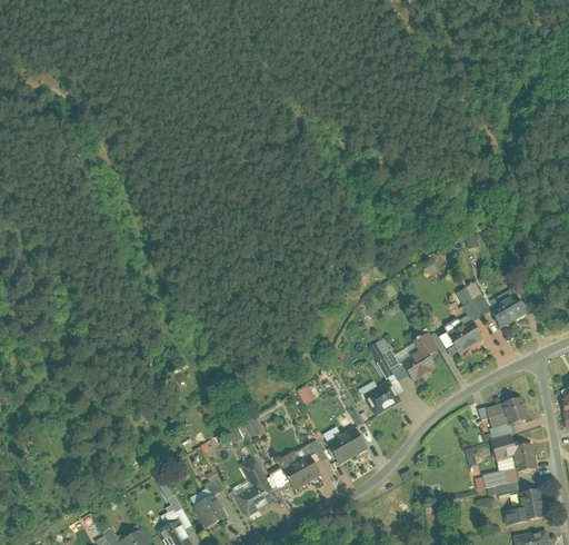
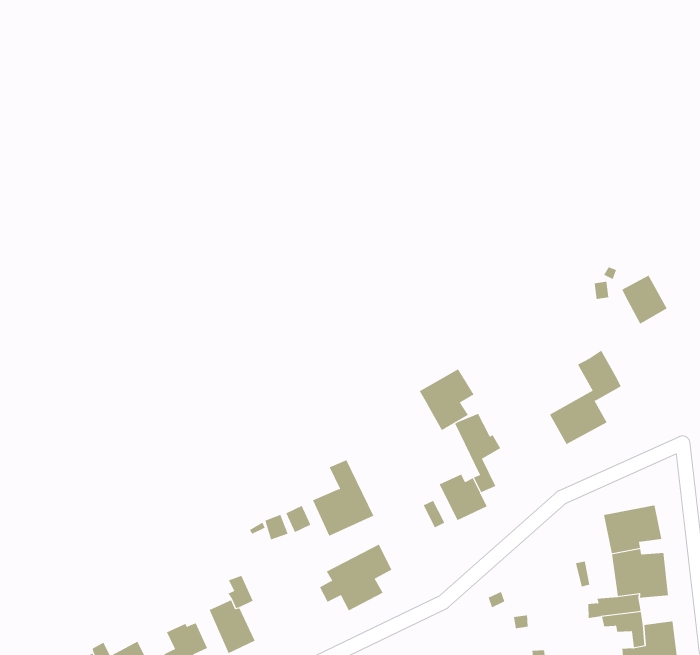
building: [487,291,522,329] -> [621,275,667,324]
building: [397,335,439,383] -> [419,369,475,431]
building: [325,428,365,465] -> none
building: [230,457,278,516] -> [312,460,374,536]

